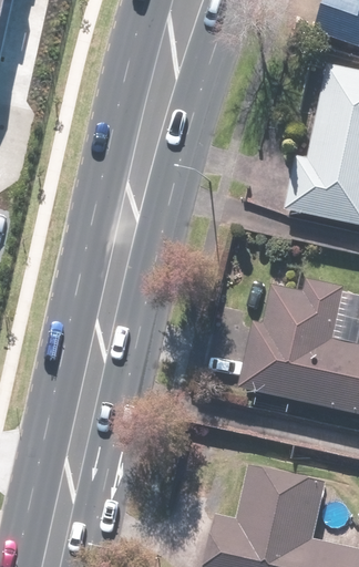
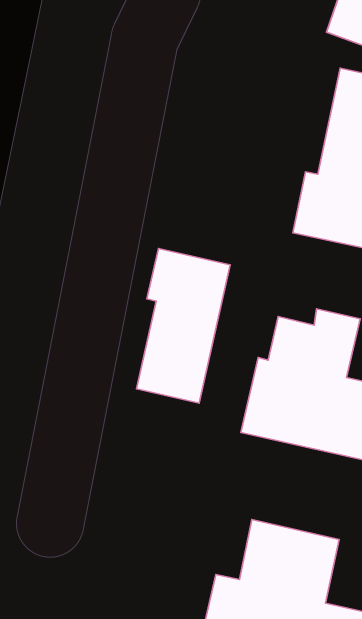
building: none -> [136,249,230,403]

